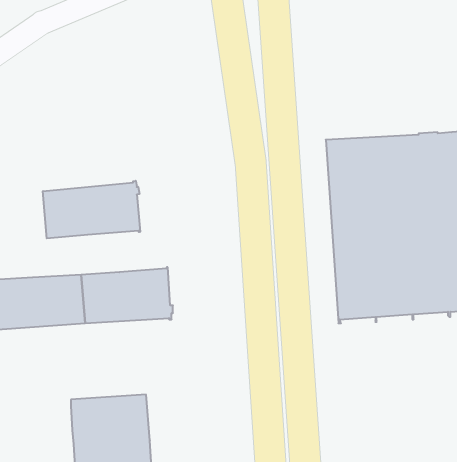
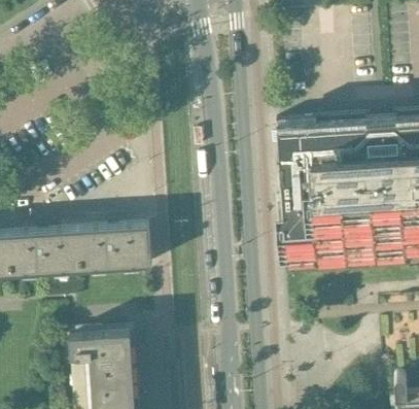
building: [43,181,140,238] -> none

